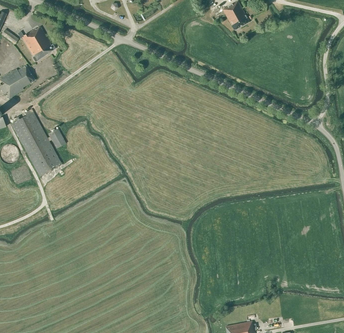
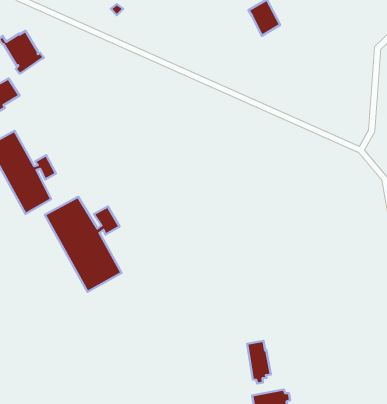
building: none -> [45,197,122,292]
building: none -> [247,341,271,384]

